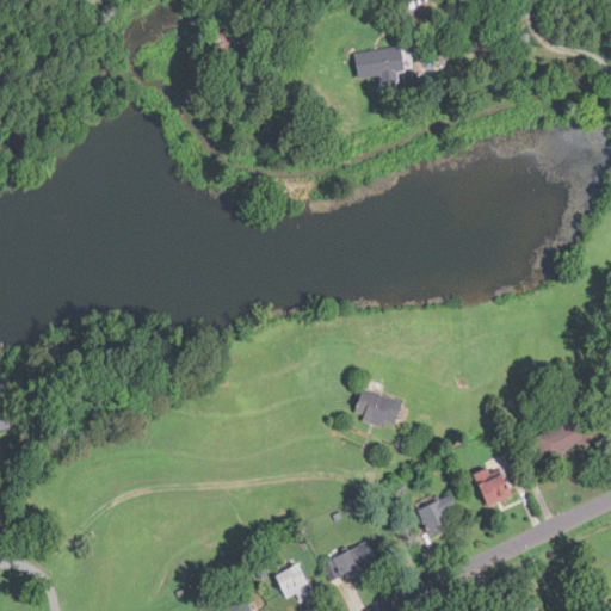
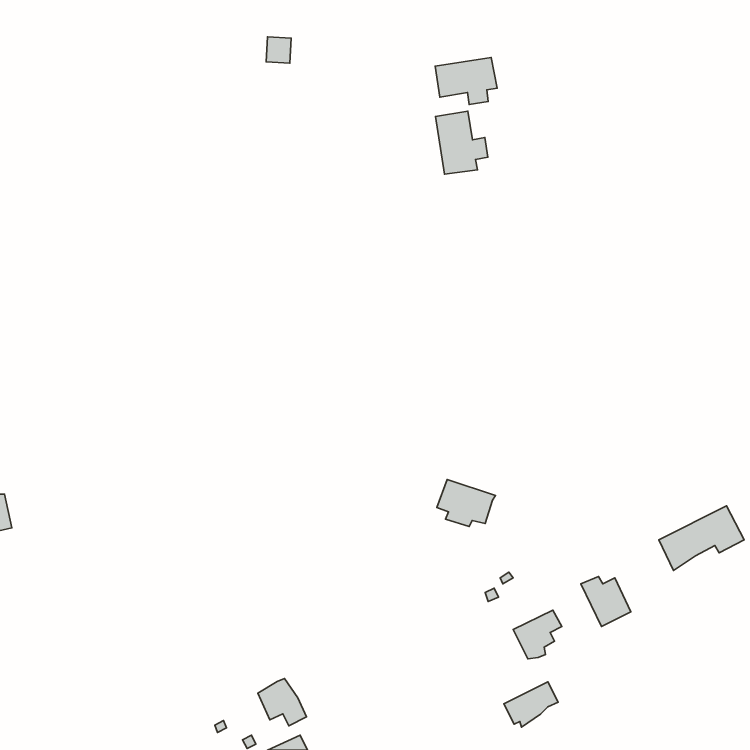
building: none -> [436,111,488,174]
building: [332,542,376,579] -> [504,682,558,727]
building: [276,564,315,603] -> [258,679,307,726]

